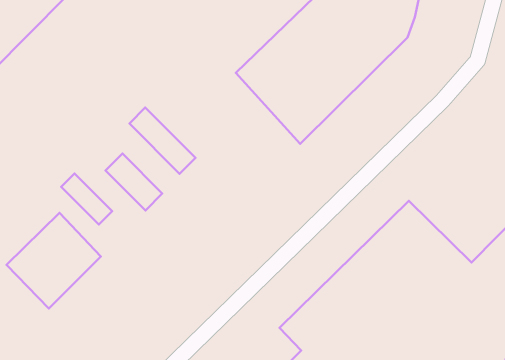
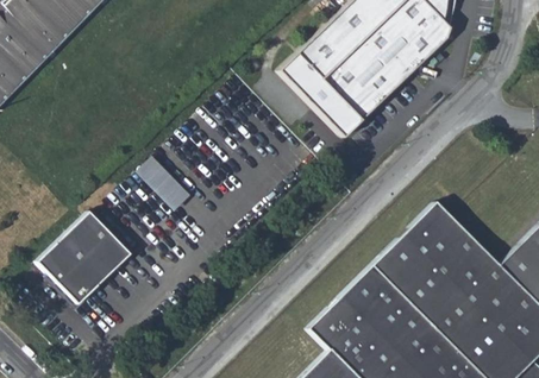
building: [129,108,195,174] -> none
building: [61,174,112,224] -> none

